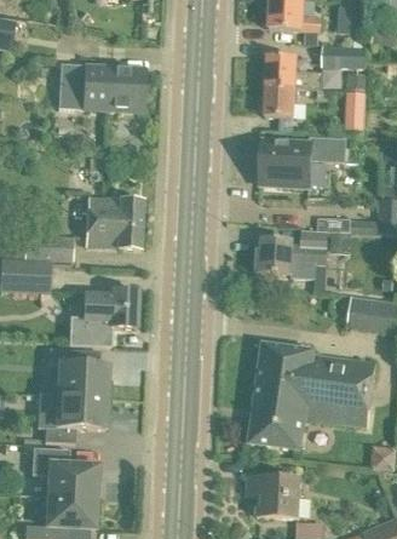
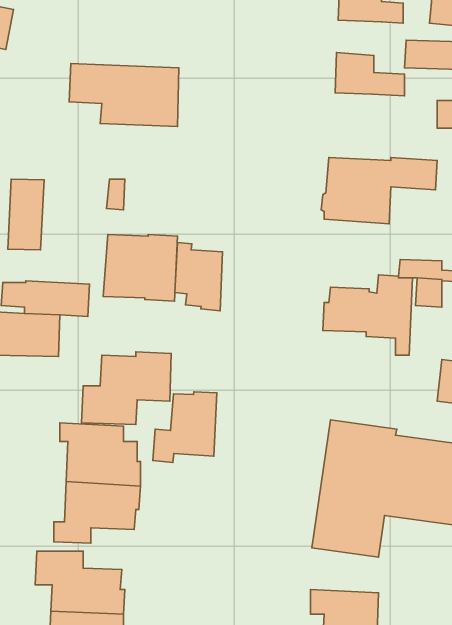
building: [263,86,294,117] -> none
building: none -> [8,179,44,250]
building: none -> [175,242,222,311]
building: none -> [153,392,217,463]

